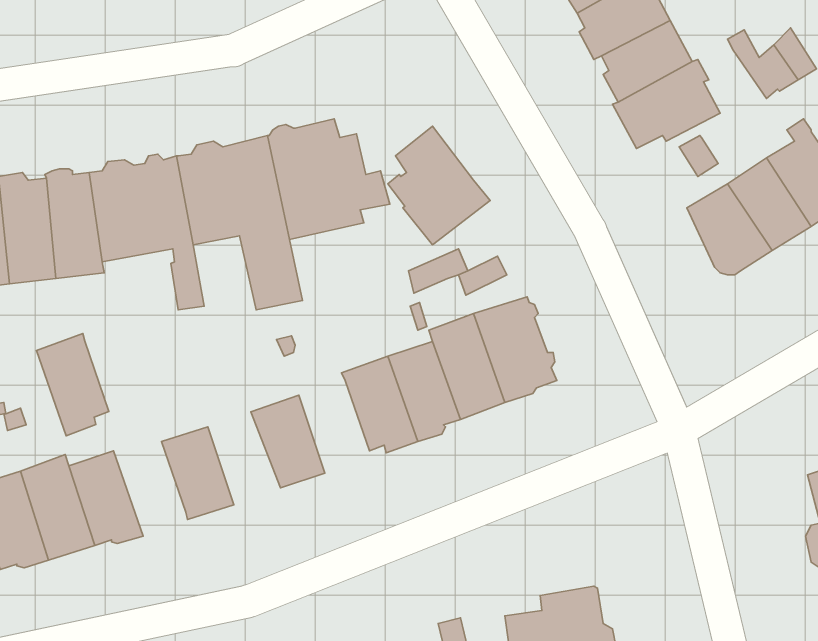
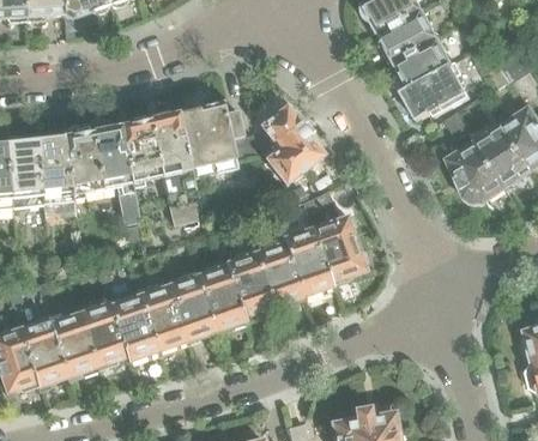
building: [37,334,109,436] -> [78,304,125,370]
building: none -> [198,270,244,330]
building: none -> [139,290,186,350]

